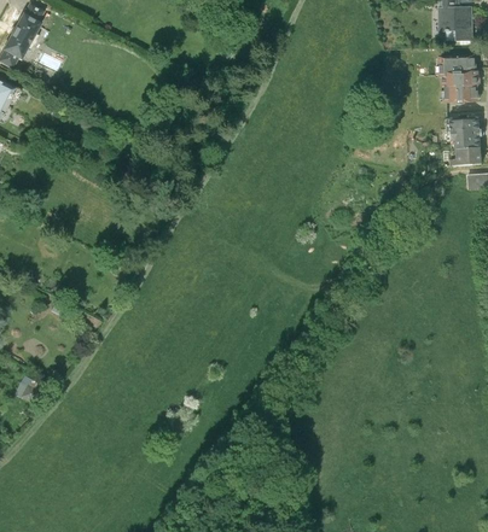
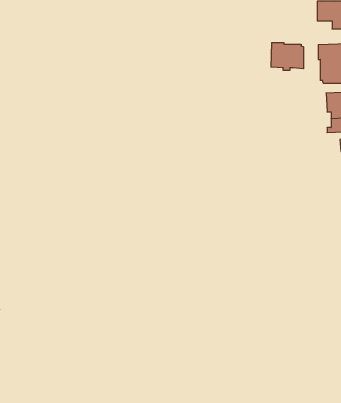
building: none -> [271,43,303,70]

